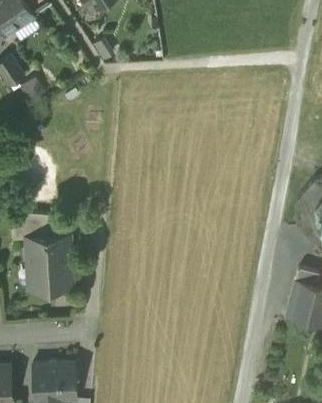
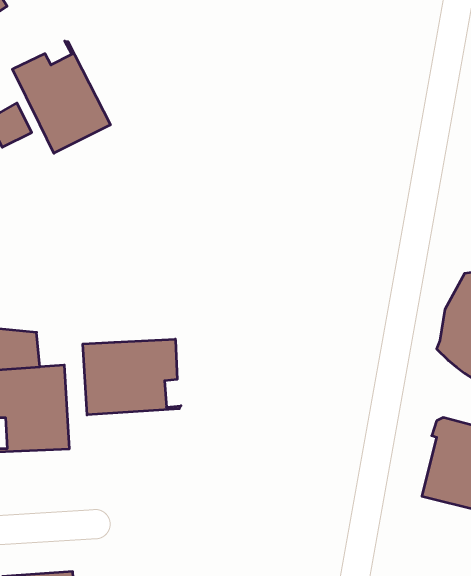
building: none -> [12,41,110,153]
building: none -> [83,339,181,415]

